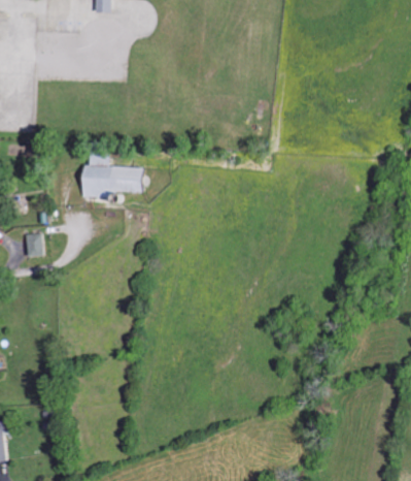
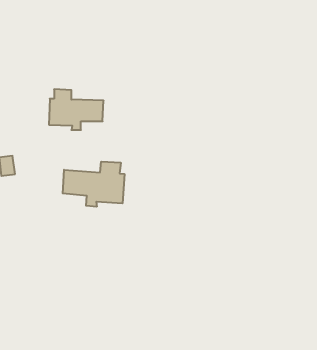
building: none -> [63,162,124,207]

